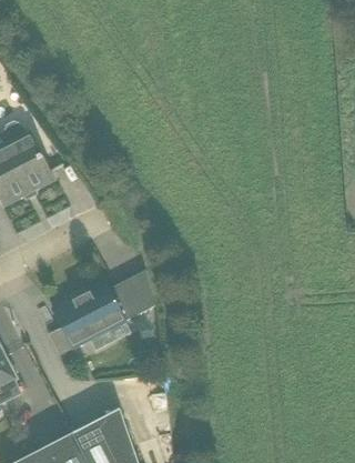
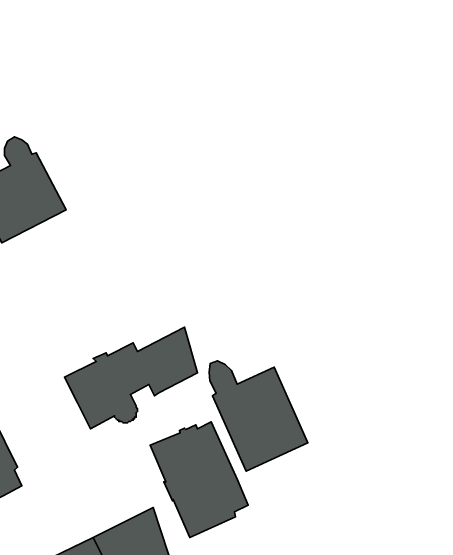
building: none -> [209,361,308,471]
building: none -> [150,422,248,537]

